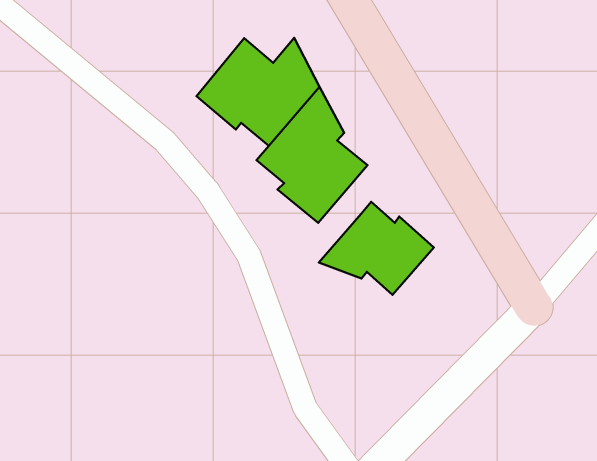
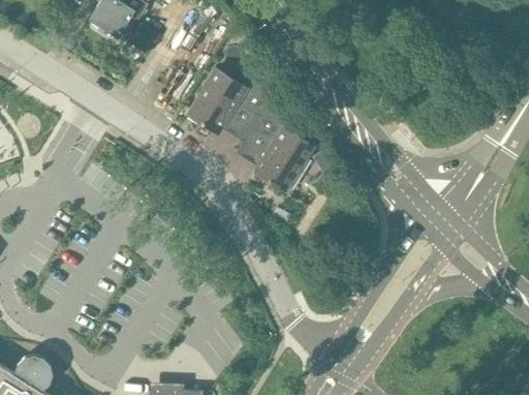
building: [319,202,434,295] -> none

